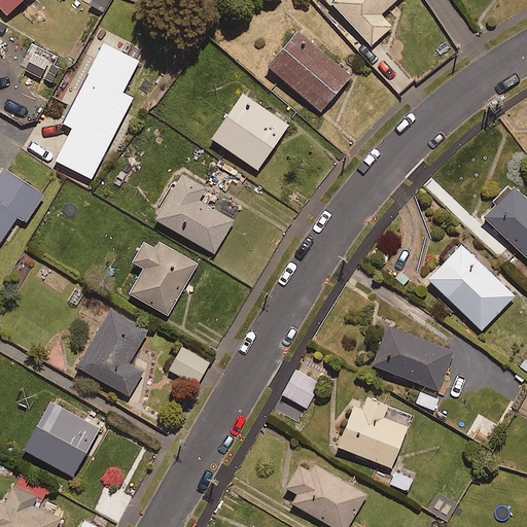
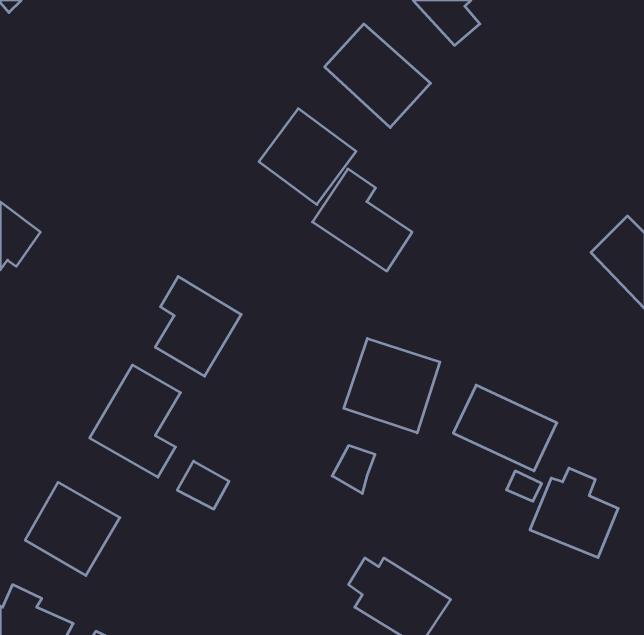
building: [44,50,136,185] -> none
building: [153,171,235,254] -> [312,169,412,271]
building: [427,243,515,331] -> none
building: none -> [344,338,440,433]
building: [168,347,210,386] -> [177,461,229,509]
building: [335,394,407,467] -> [530,468,618,558]

